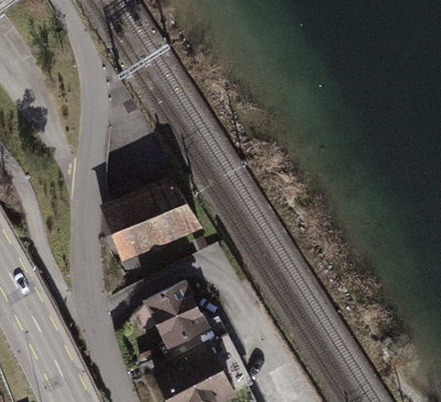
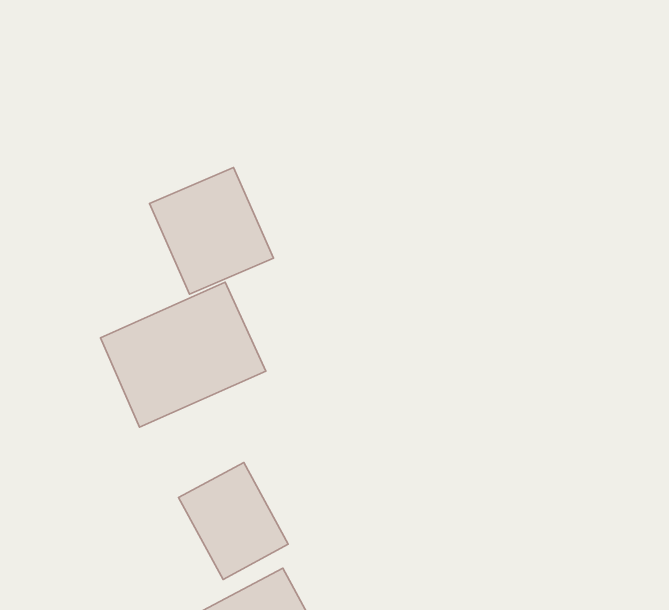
building: none -> [150,168,274,294]

